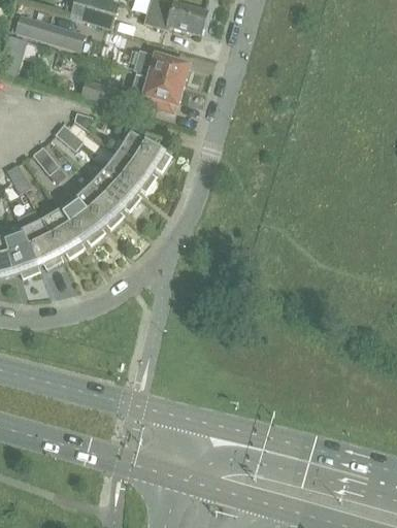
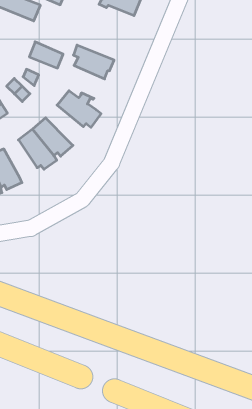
building: [134,50,189,89] -> none
building: [105,150,156,192] -> none
building: [59,196,105,244] -> none

